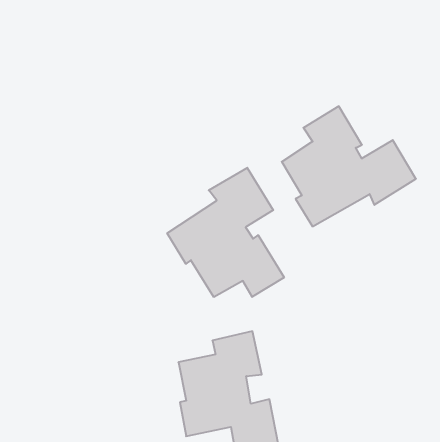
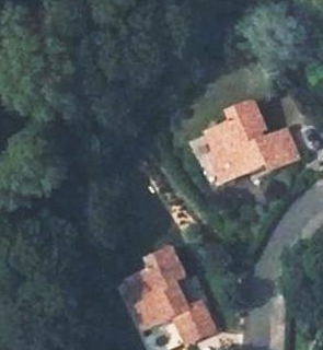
building: [167,168,284,297] -> none

